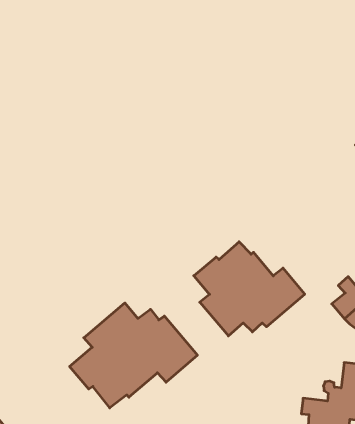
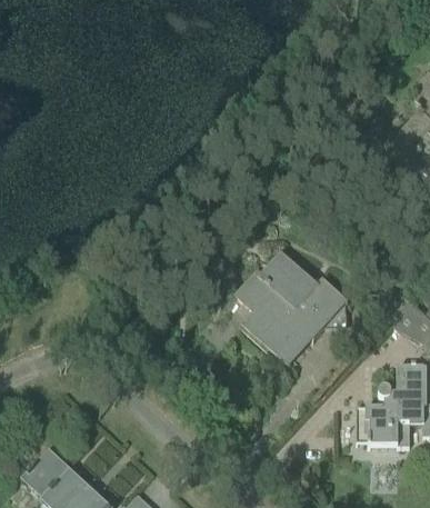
building: [70,303,197,408] -> none

